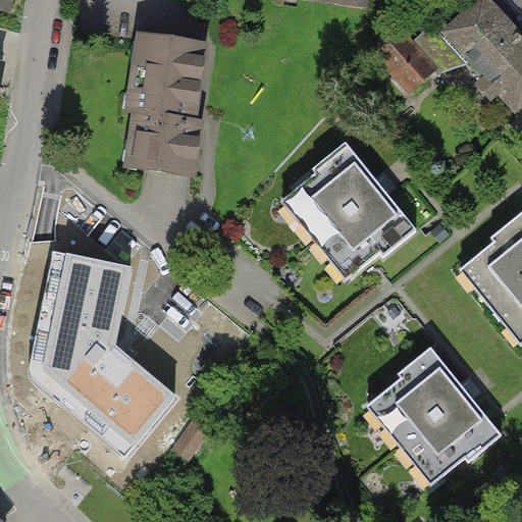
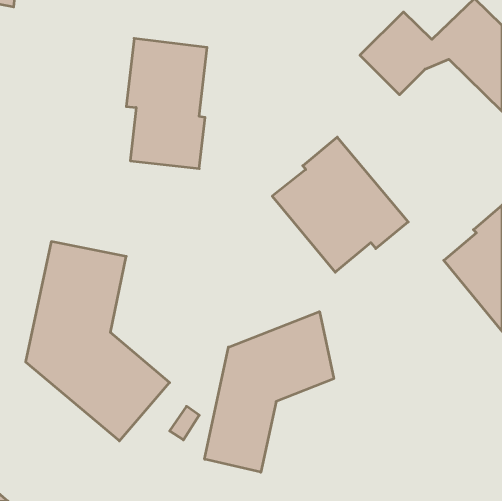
building: none -> [205,312,334,472]
building: [363,345,503,483] -> none

